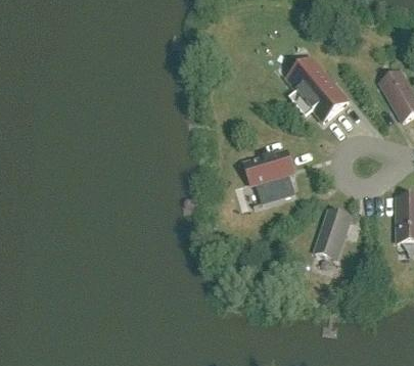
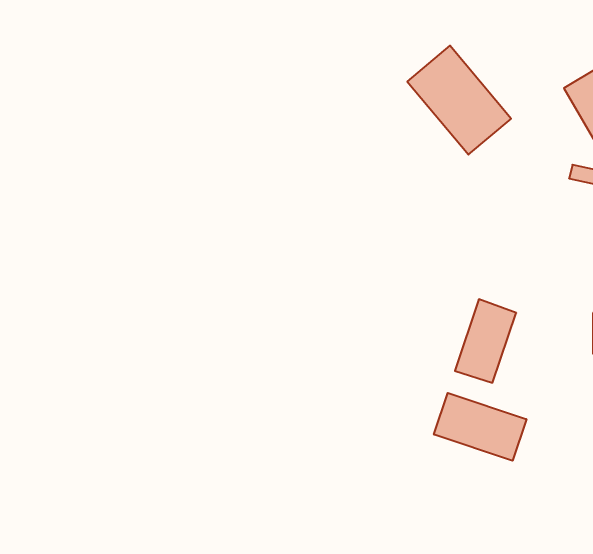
building: [243,148,294,205] -> none
building: none -> [434,393,526,461]

